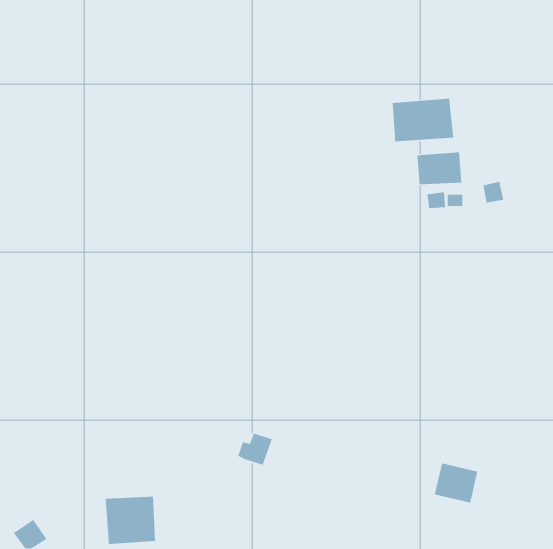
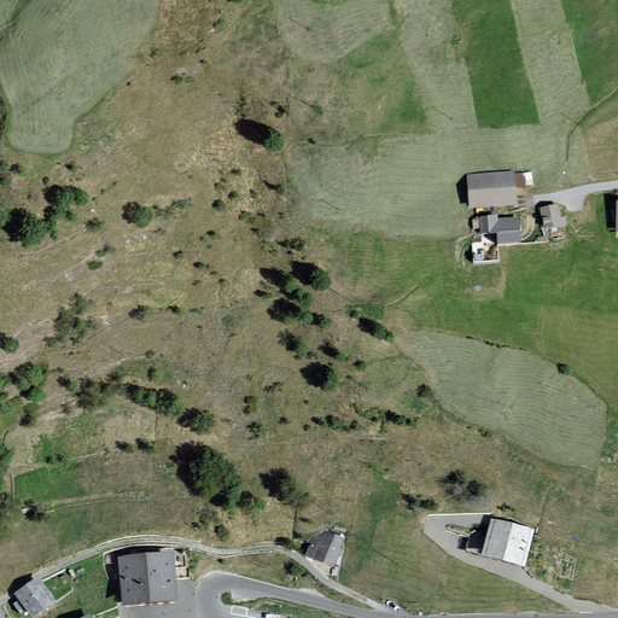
building: [392,98,454,142] -> none
building: [237,432,273,466] -> [304,527,344,565]

